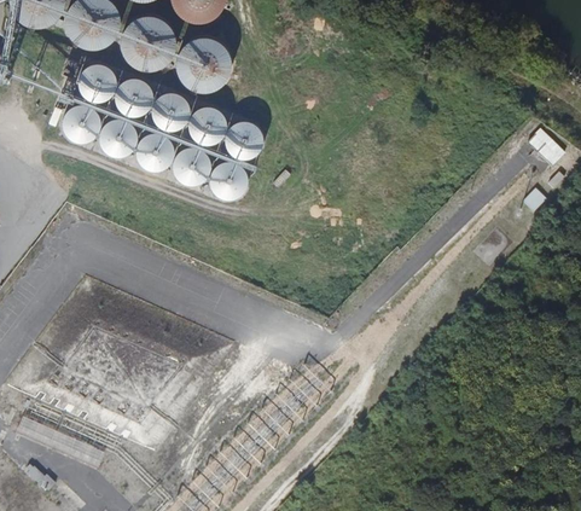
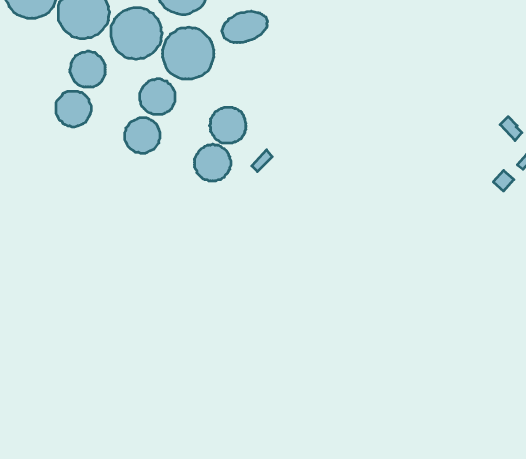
building: none -> [222,11,267,43]
building: [116,77,153,115] -> none
building: [188,110,227,147] -> none
building: [100,118,138,156] -> none
building: [173,151,211,190] -> none

